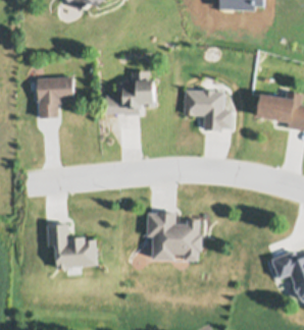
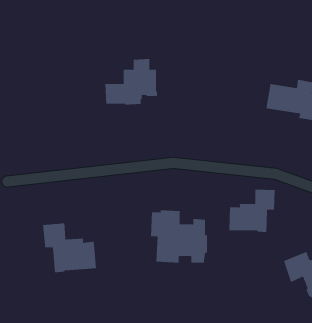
building: [37,76,74,119] -> none
building: [183,88,232,129] -> none
building: none -> [229,189,275,233]

